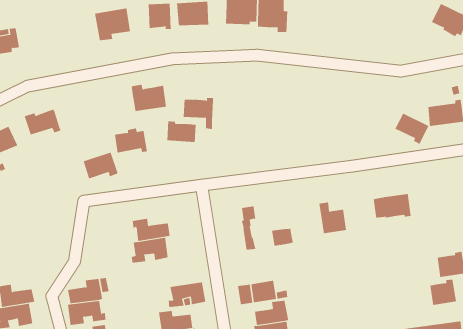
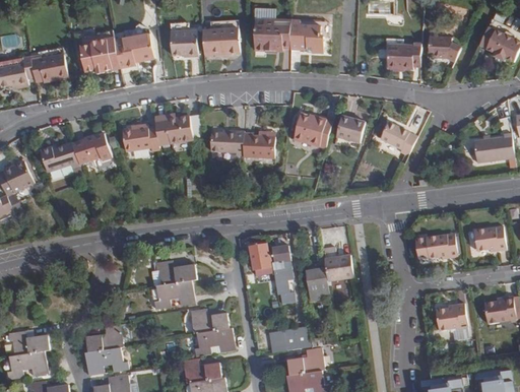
building: none -> [79,34,119,73]
building: none -> [427,38,460,64]
building: none -> [386,42,420,67]
building: none -> [30,53,67,82]
building: none -> [292,114,331,144]
building: none -> [335,116,364,143]
building: [394,113,429,145] -> [379,122,416,156]
building: [166,121,197,142] -> [242,132,274,155]
building: [114,128,148,153] -> [122,122,158,149]
building: [83,152,119,179] -> [71,133,110,162]
building: none -> [472,225,505,252]
building: [319,202,347,234] -> [323,247,353,281]
building: none -> [249,243,274,275]
building: none -> [189,308,229,333]
building: [430,279,457,305] -> [438,302,467,330]

